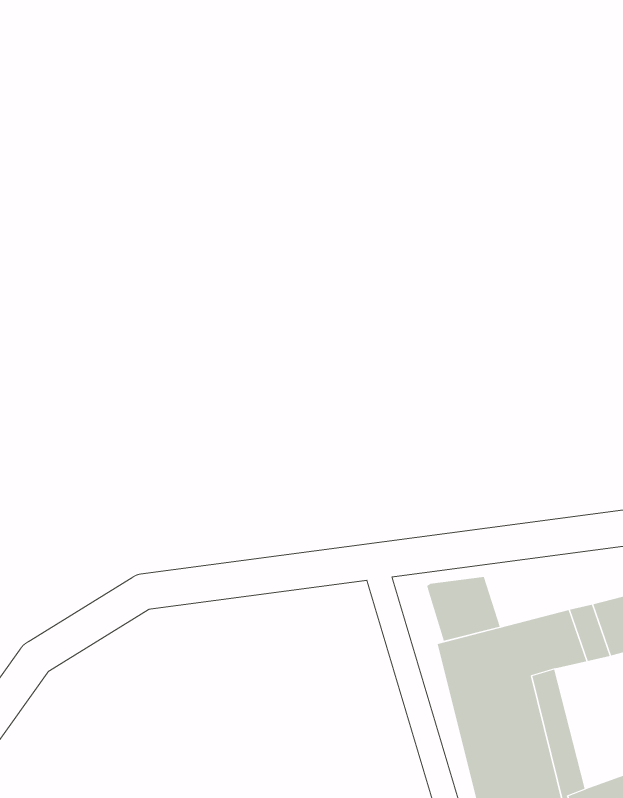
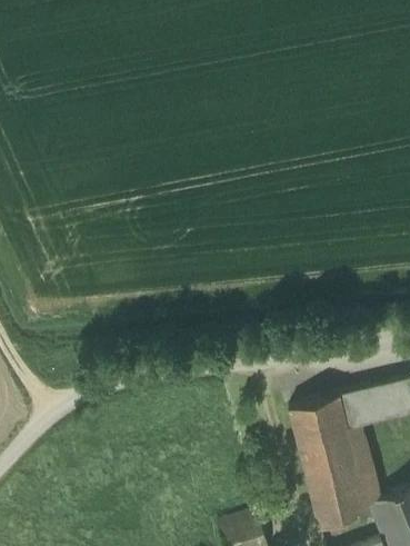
building: [427,576,500,642] -> none

